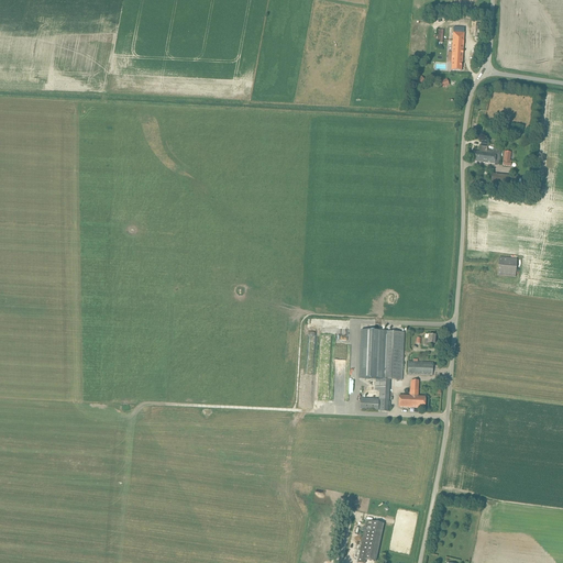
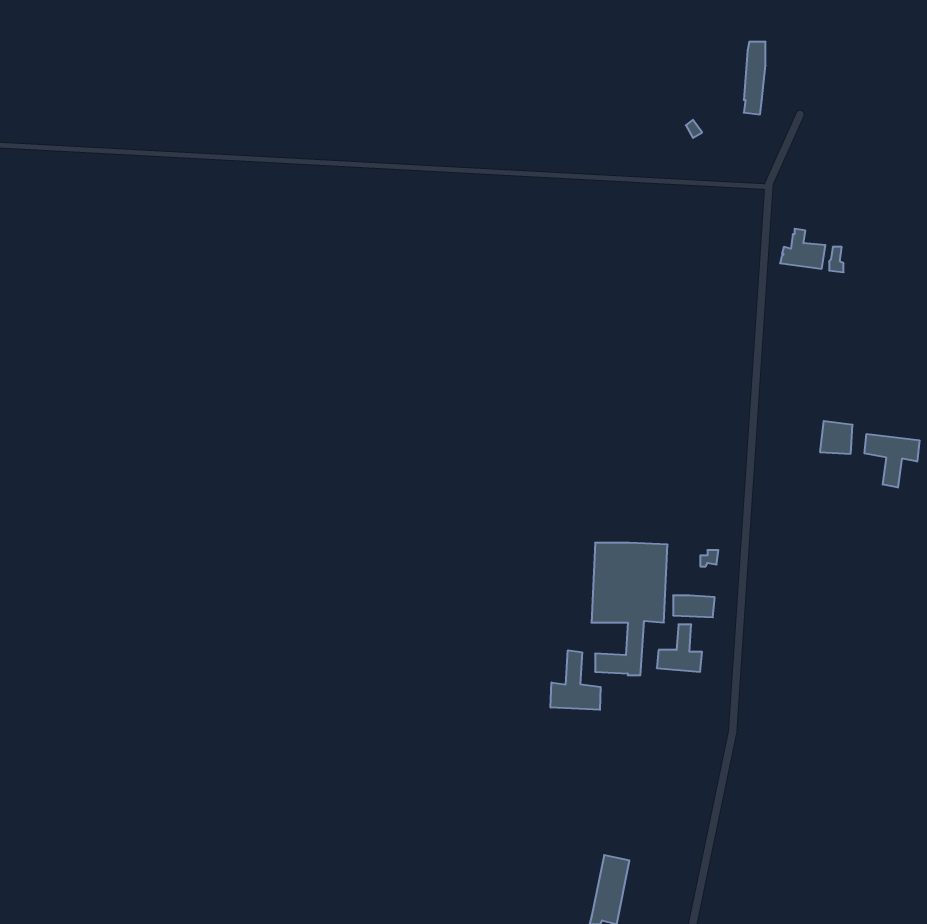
building: none -> [865,434,919,488]
building: none -> [551,650,601,710]

